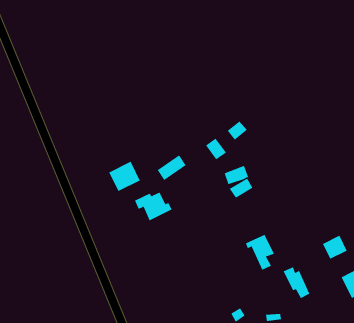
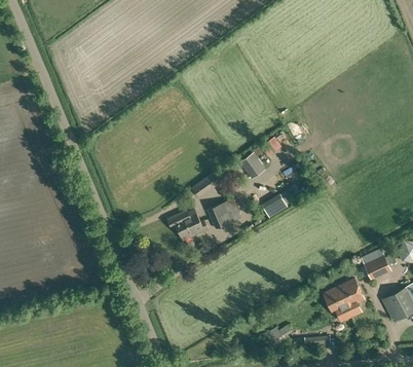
building: [108,161,141,192] -> none
building: none -> [205,198,240,229]
building: [245,234,275,271] -> [333,279,364,317]

